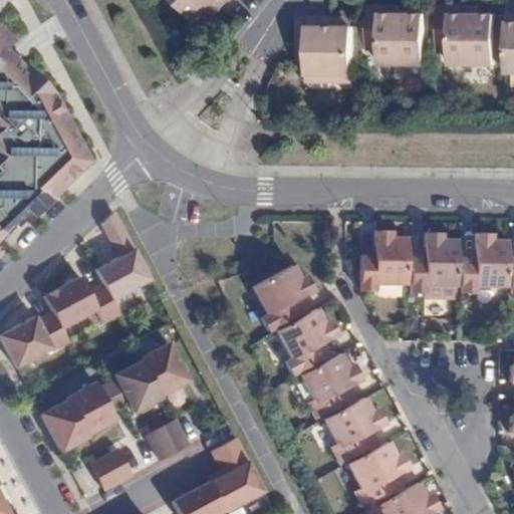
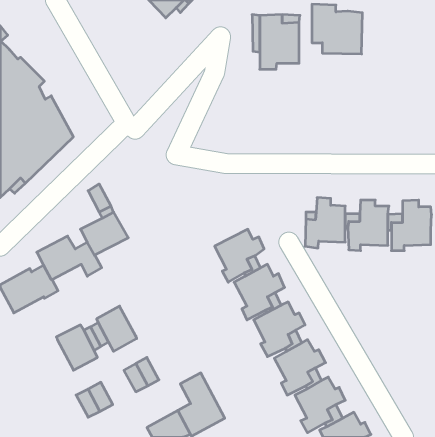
building: [439,6,497,64] -> none
building: [142,342,190,395] -> none
building: [42,399,89,451] -> none

